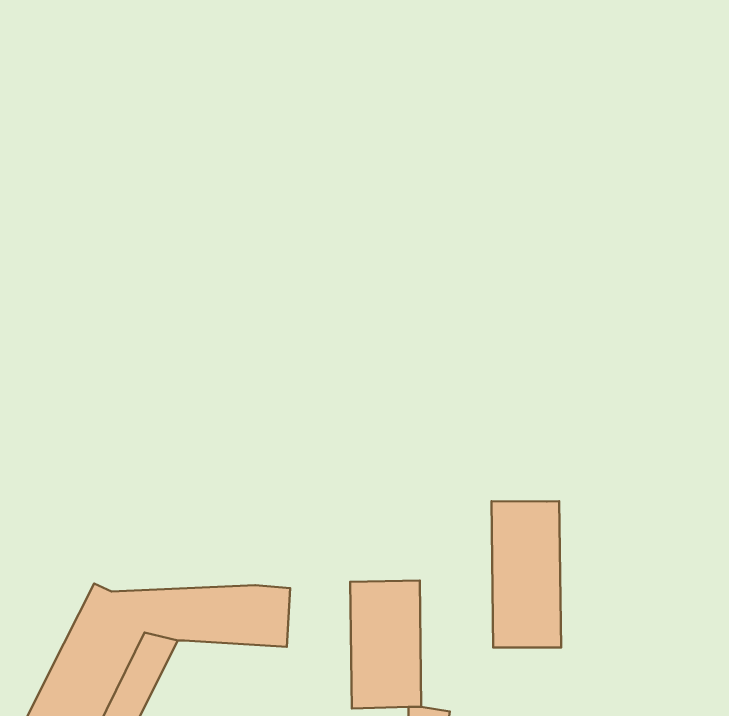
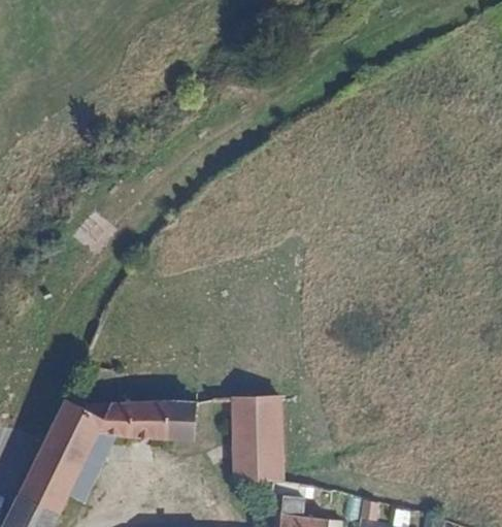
building: [491,501,561,648] -> none

